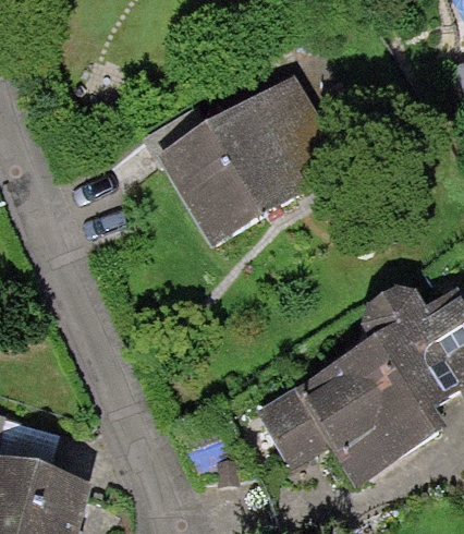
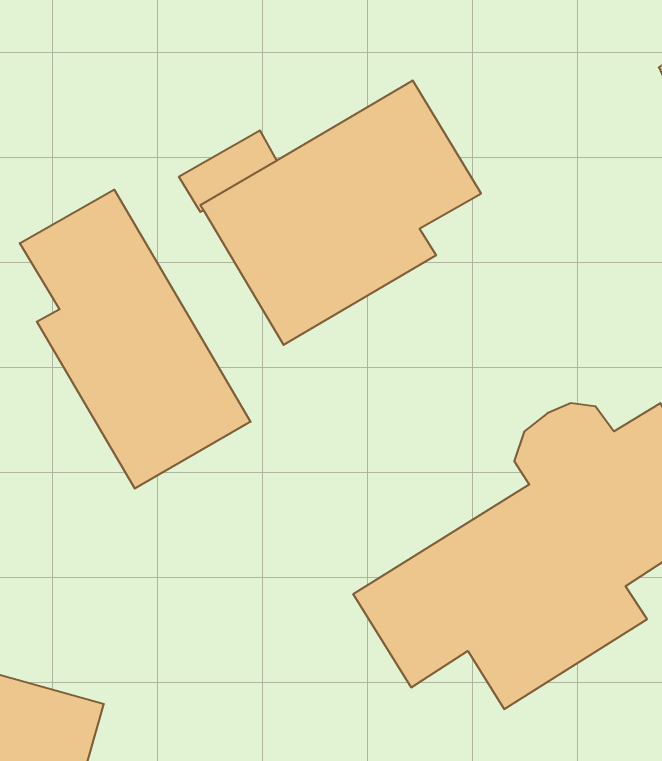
building: none -> [20,190,251,489]

